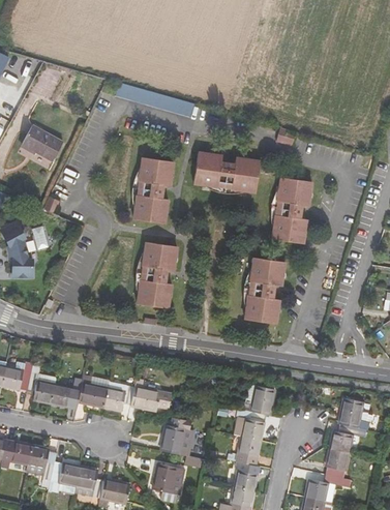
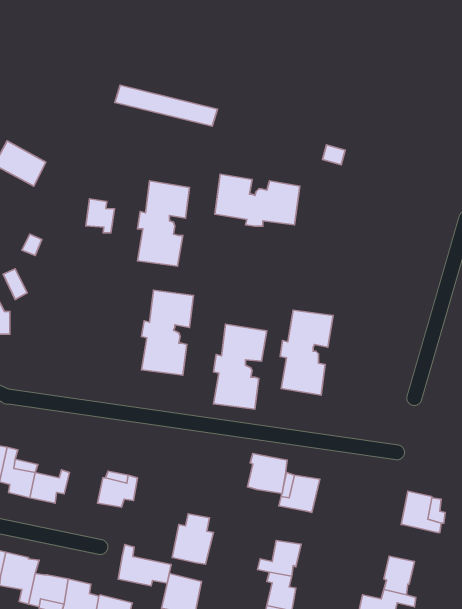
building: none -> [86,199,114,233]
building: [271,177,312,243] -> [214,324,267,409]
building: [130,379,172,411] -> [118,545,171,586]
building: [77,383,107,408] -> none
building: [234,409,265,440] -> [247,453,287,493]
building: [329,424,366,453] -> none

